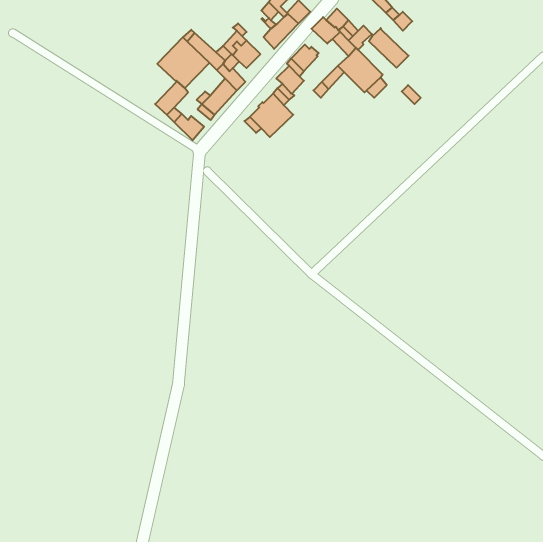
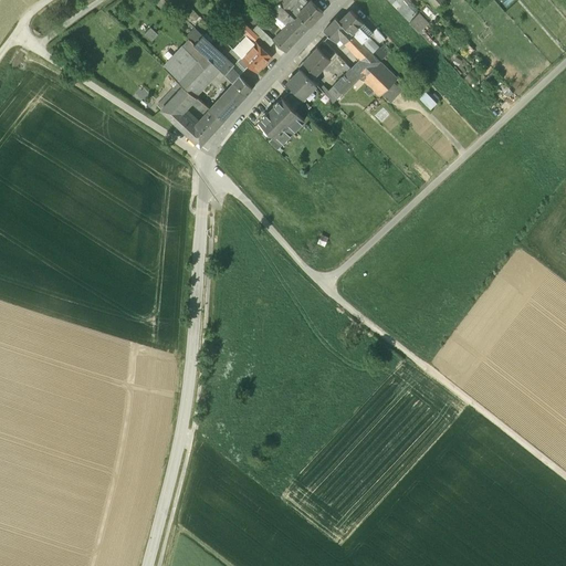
building: [369,28,409,68] -> none

